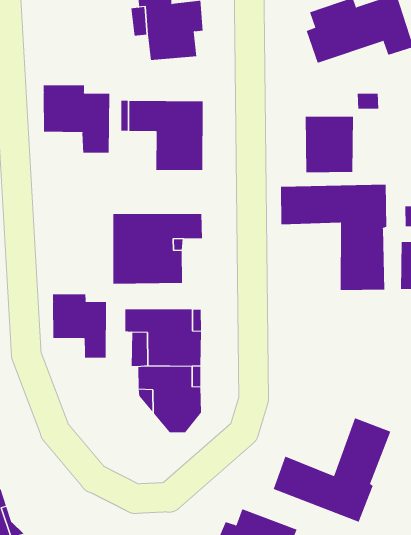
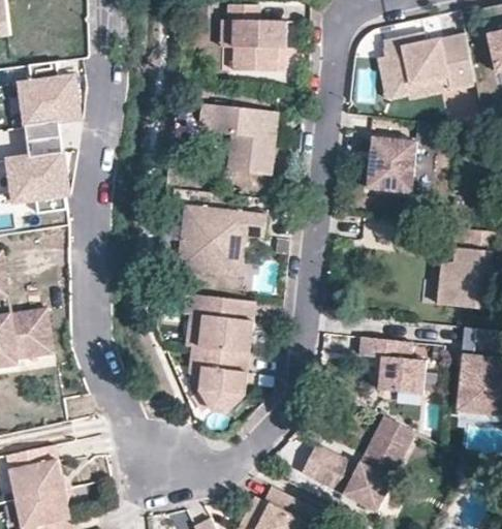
building: [43,85,110,154] -> none
building: [281,184,387,291] -> none
building: [53,293,106,358] -> none
building: none -> [357,338,425,395]

